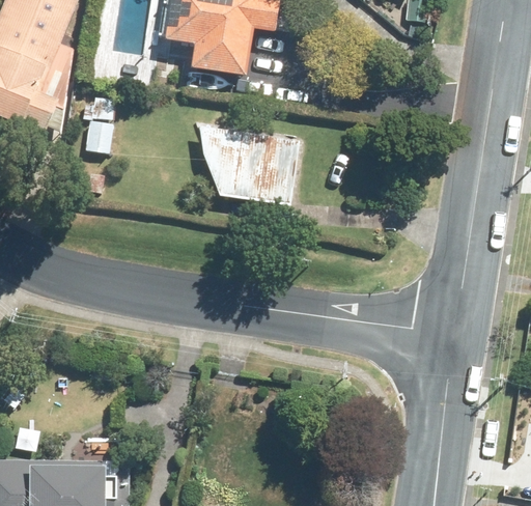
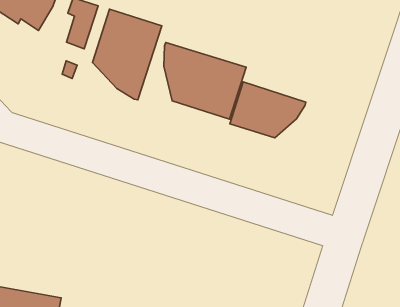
building: none -> [93,9,162,100]
building: none -> [230,82,306,138]

